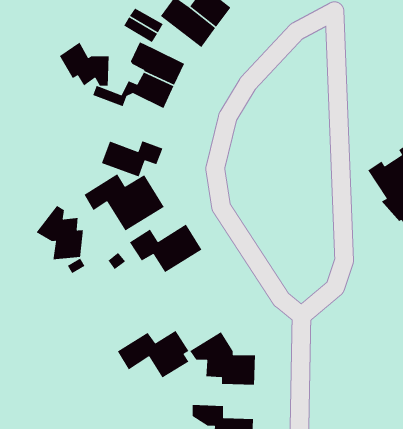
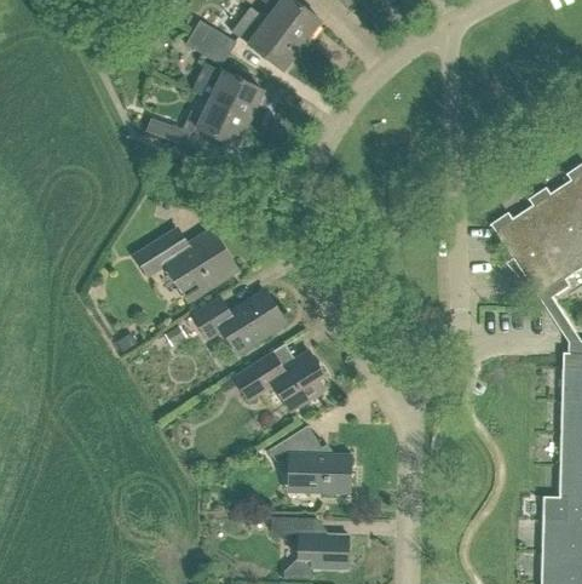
building: [59,42,109,87] -> none
building: [101,140,164,177] -> none
building: [35,205,84,260] -> none
building: [117,330,189,378] -> [235,350,325,411]

